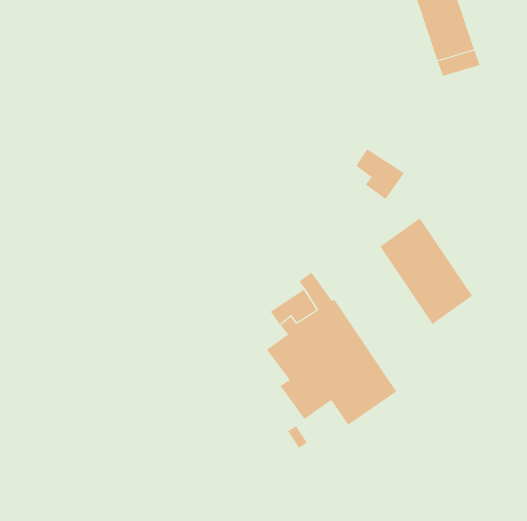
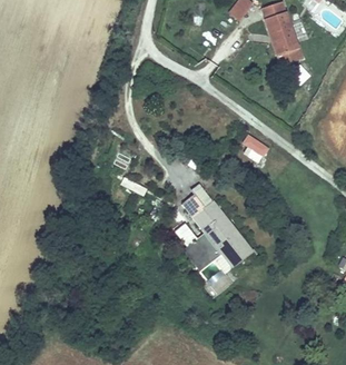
building: [380,218,473,325] -> none

